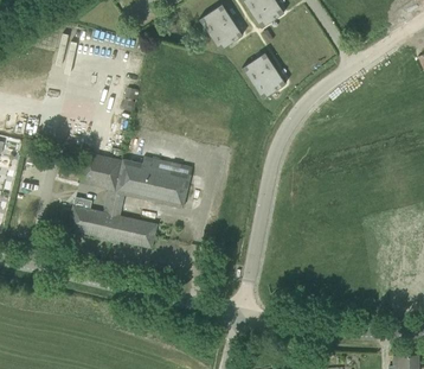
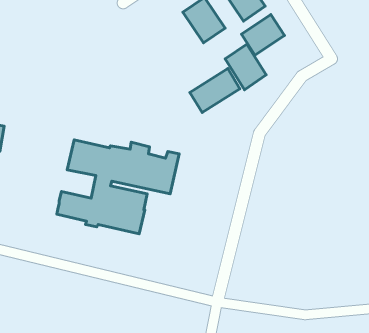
building: none -> [241,15,285,55]
building: none -> [190,69,240,113]

